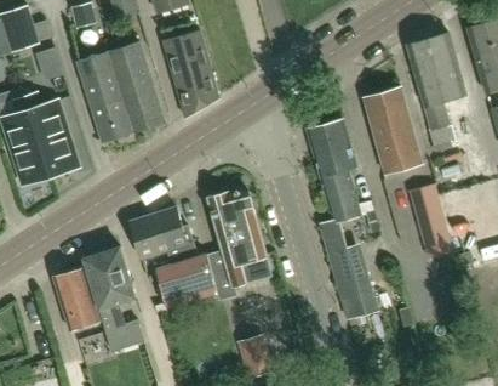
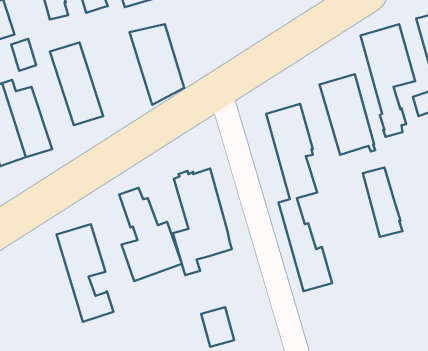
building: [108,42,165,131] -> none
building: [130,215,162,257] -> none
building: [55,268,99,329] -> none

